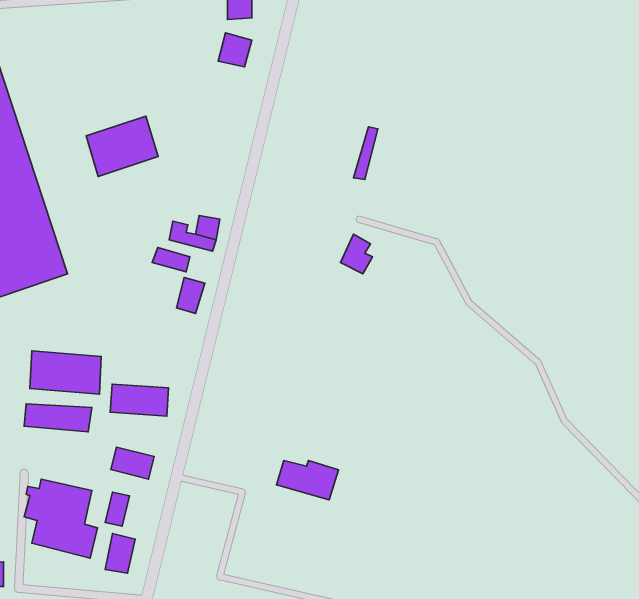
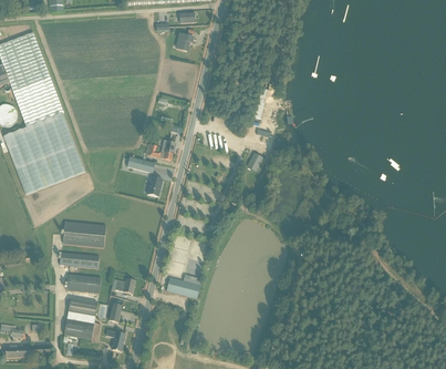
building: [86,116,158,176] -> none
building: [110,384,169,416] -> [64,271,98,290]
building: [276,460,339,500] -> [164,275,200,298]

